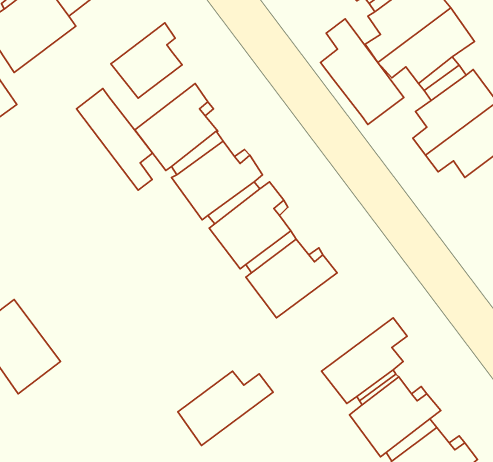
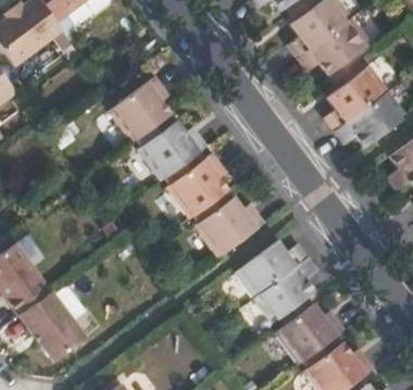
building: [320,19,404,125] -> none
building: [111,23,182,98] -> none
building: [76,88,153,190] -> none
building: none -> [18,291,87,363]
building: [178,371,273,445] -> [235,241,309,299]

